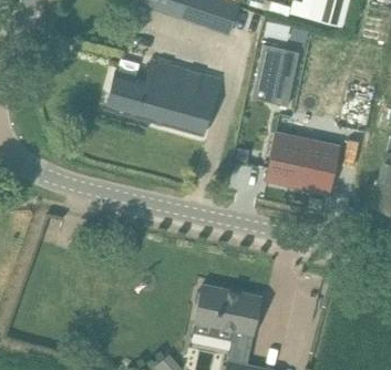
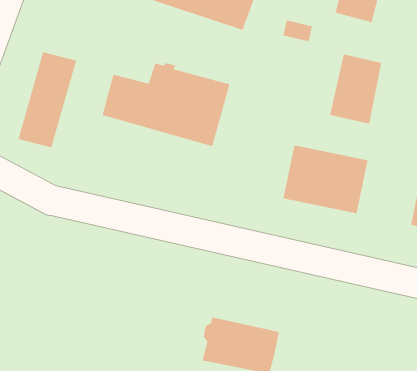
building: [253,45,299,107] -> [329,54,382,124]
building: none -> [17,51,77,149]

